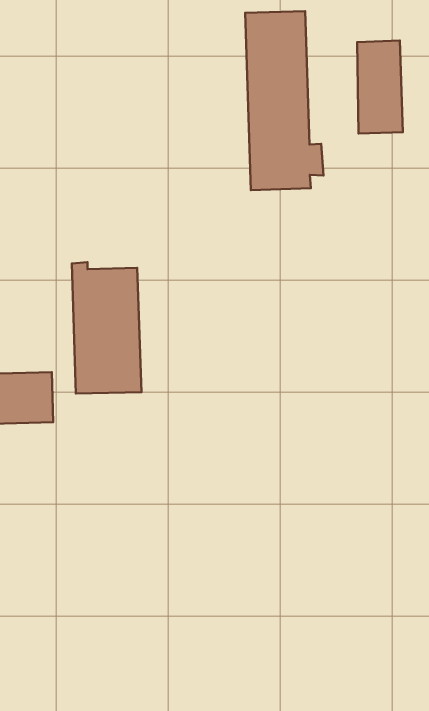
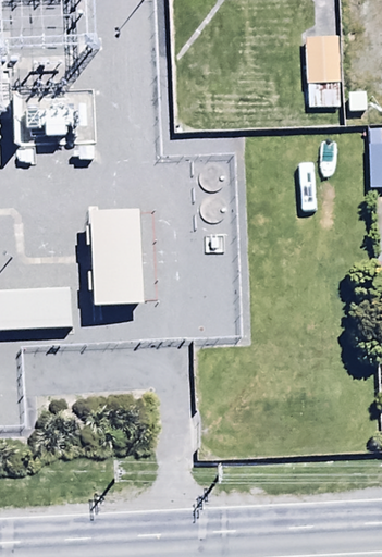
building: [245,11,324,190] -> none

